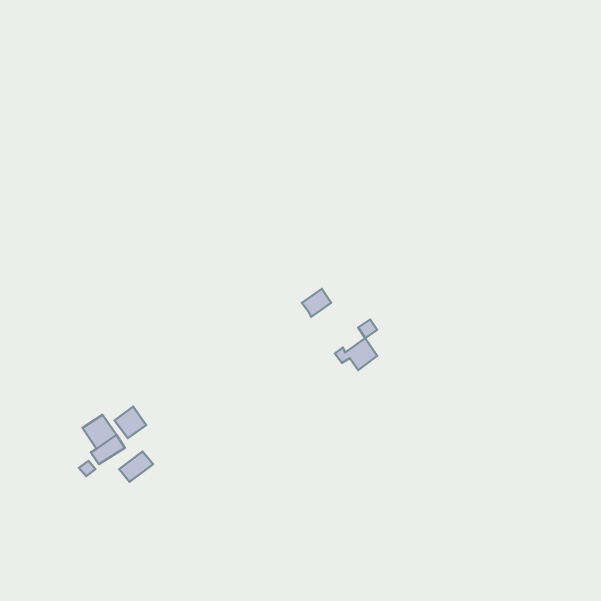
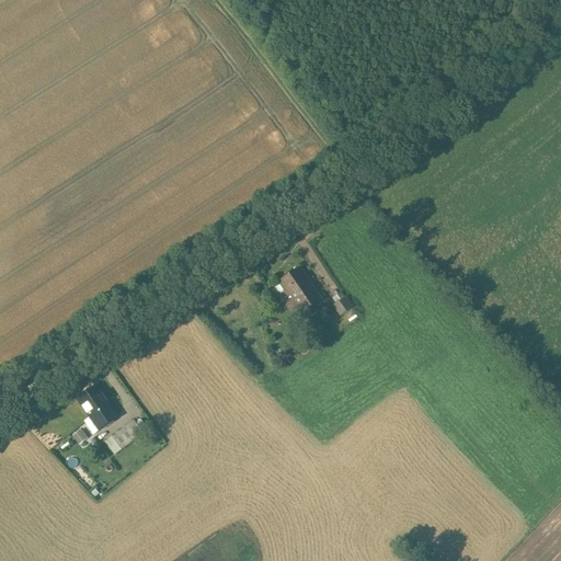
building: [335,338,377,370] -> [279,282,319,311]
building: [114,407,146,438] -> none

